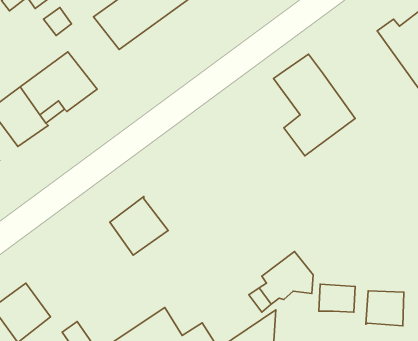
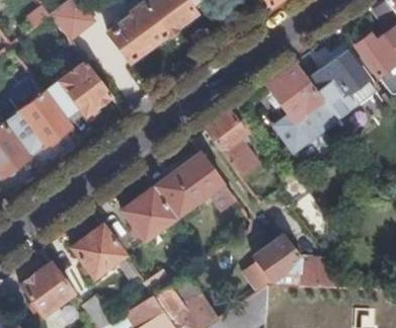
building: none -> [309,51,378,119]
building: none -> [206,111,260,177]
building: none -> [154,152,236,217]
building: none -> [73,225,125,275]
building: [366,291,404,326] -> none

